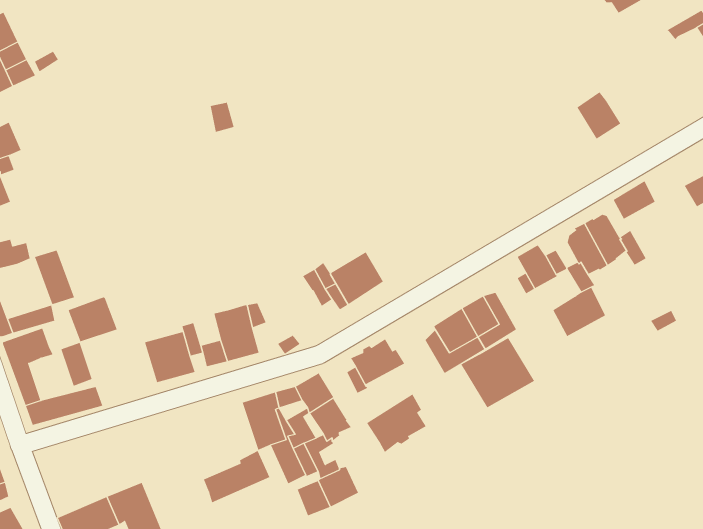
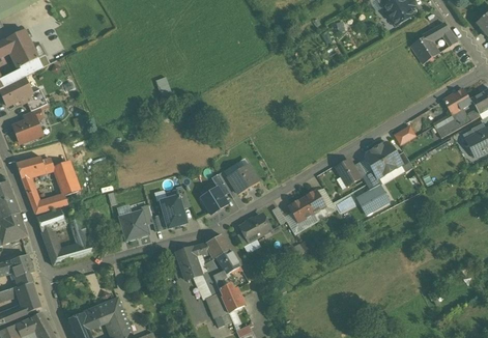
building: [577,91,621,139] -> [410,34,436,62]
building: none -> [200,186,227,214]
building: [68,296,118,342] -> none
building: [461,337,535,408] -> none
building: [365,393,426,453] -> none
building: [203,450,270,503] -> none

